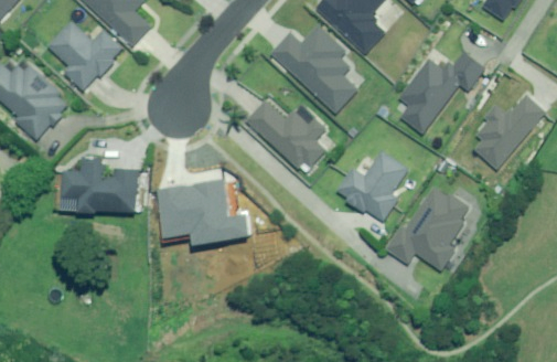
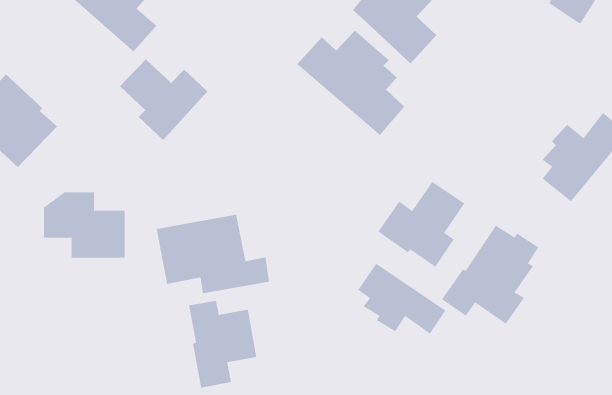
building: [49,22,122,91] -> [119,58,208,141]
building: [399,52,484,134] -> none
building: [246,100,325,168] -> none
building: none -> [357,263,446,334]
building: none -> [189,300,257,389]

